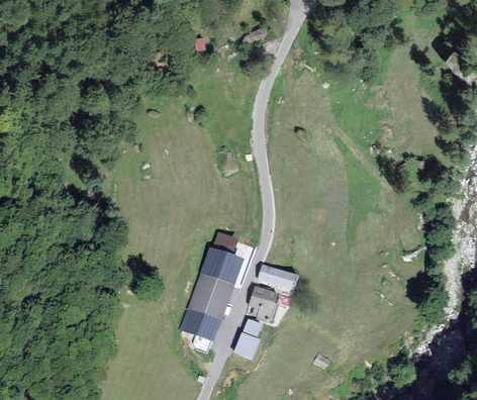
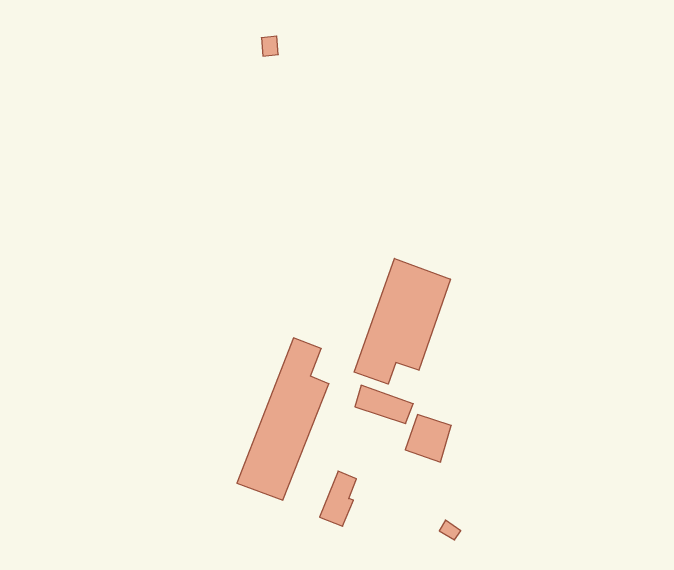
building: none -> [354,258,450,384]
building: [248,286,278,317] -> [405,415,451,462]

